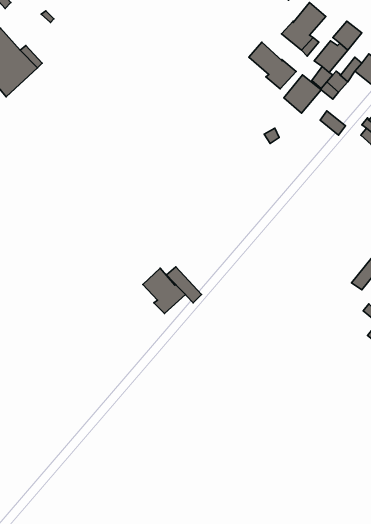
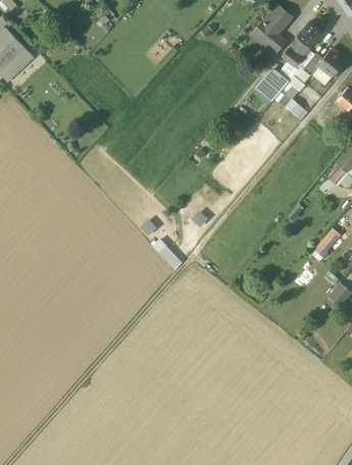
building: [249,42,296,89] -> none
building: [143,268,185,314] -> none

